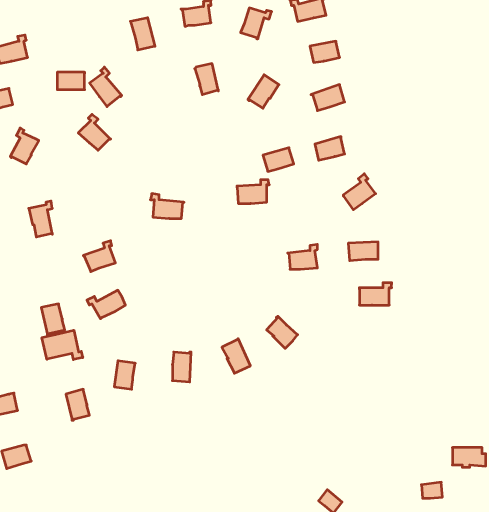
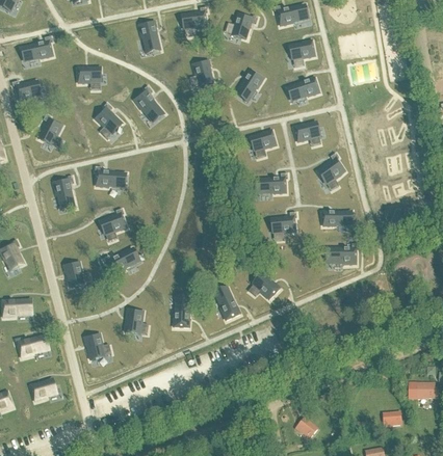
building: [90,67,122,107] -> [134,86,161,119]
building: [237,180,269,203] -> [260,175,287,194]
building: [150,194,184,218] -> [94,167,122,188]
building: [42,330,83,360] -> none

